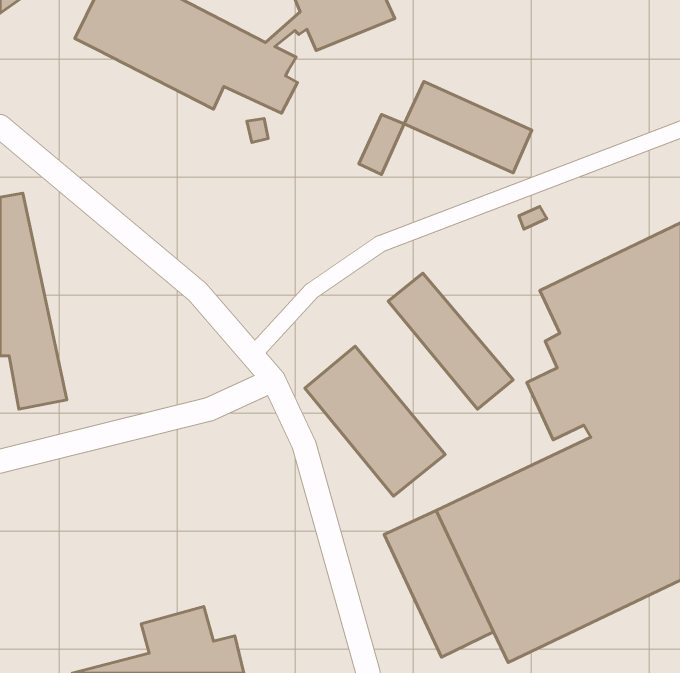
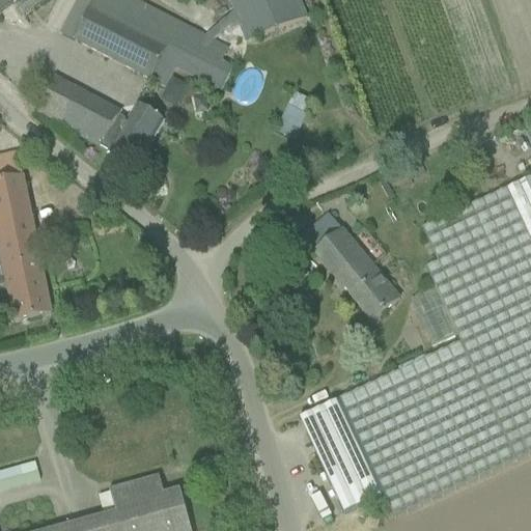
building: [404,82,532,173] -> none
building: none -> [39,75,165,167]
building: [305,346,445,496] -> none

